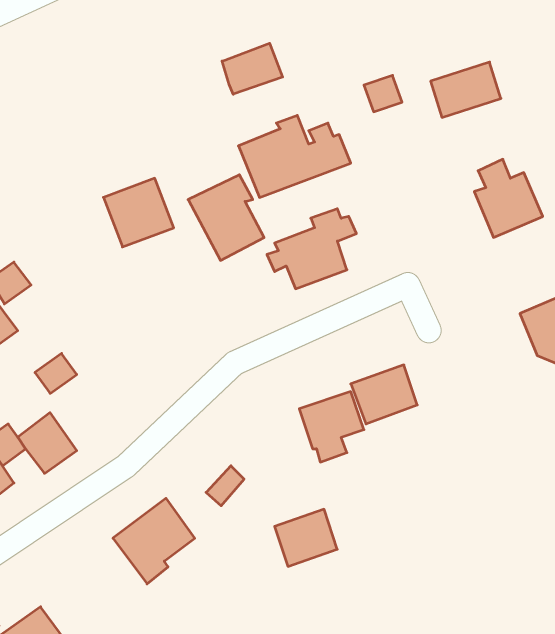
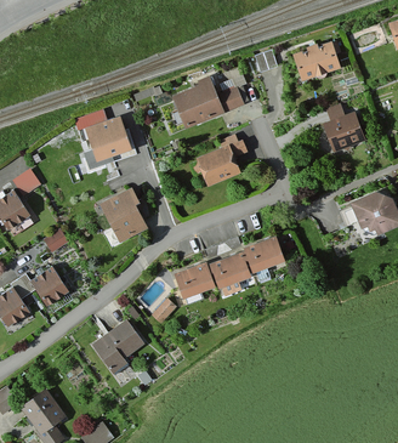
building: [222,43,283,94] -> none
building: [188,175,264,260] -> [98,187,147,242]
building: [275,509,337,566] -> [175,261,215,297]

